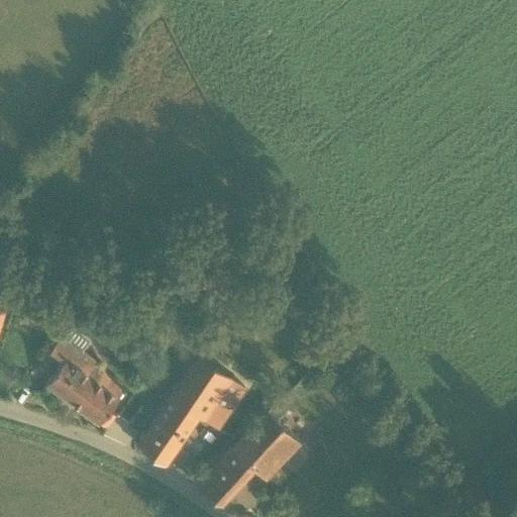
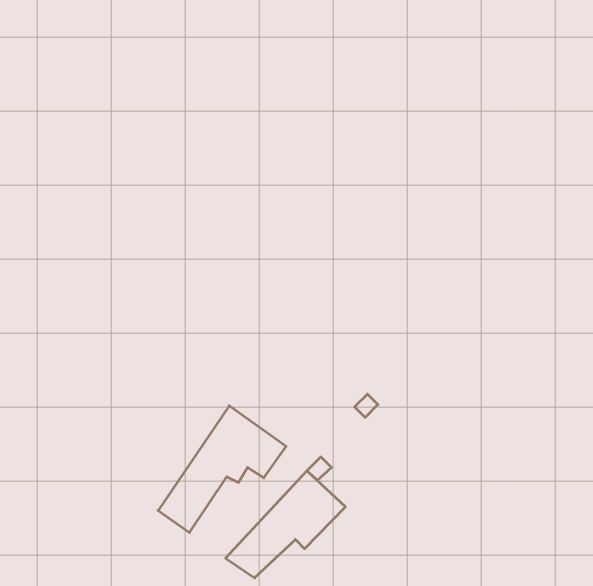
building: [46,330,128,434] -> none

